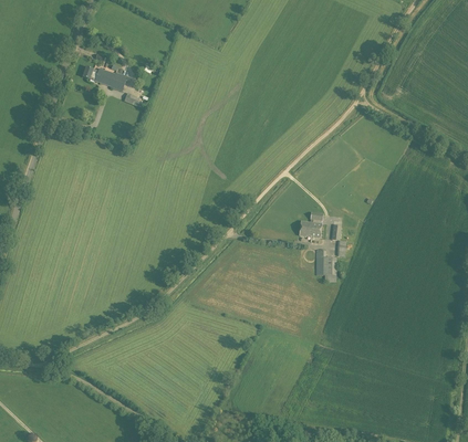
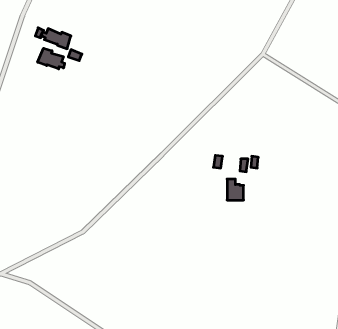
building: none -> [38,48,65,69]

